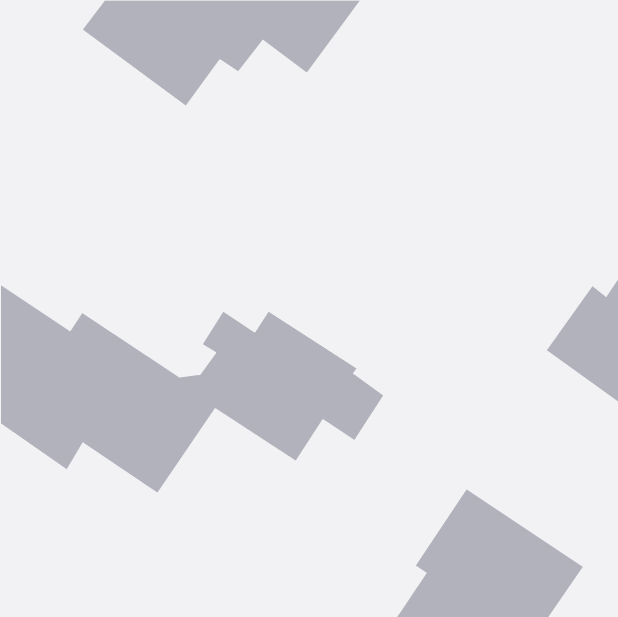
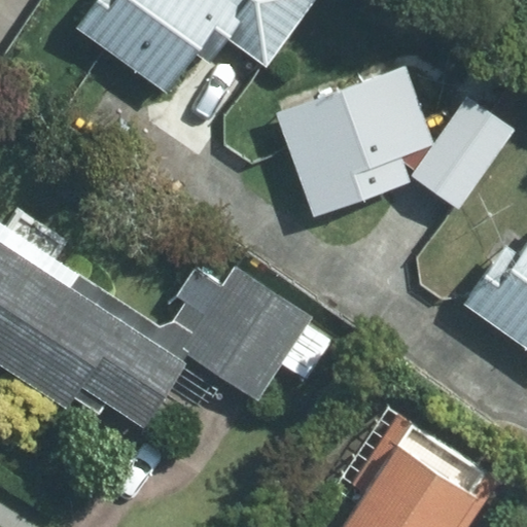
building: none -> [279,67,510,210]

